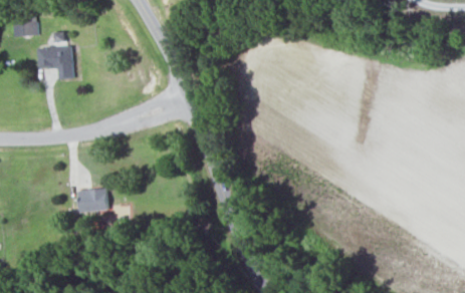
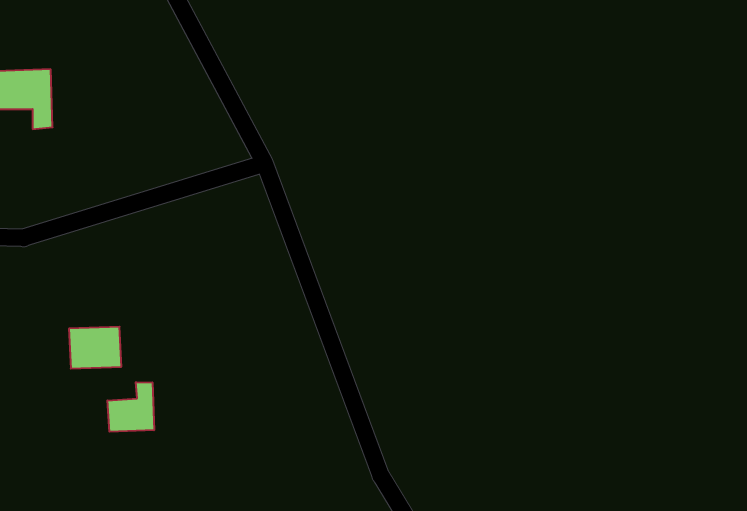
building: none -> [107,382,154,432]

